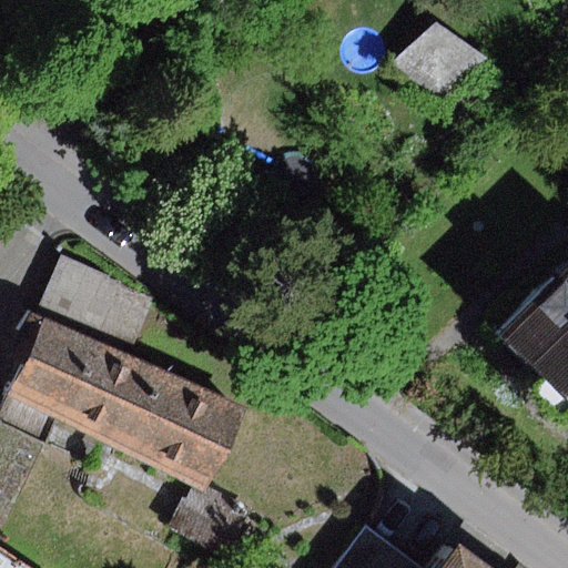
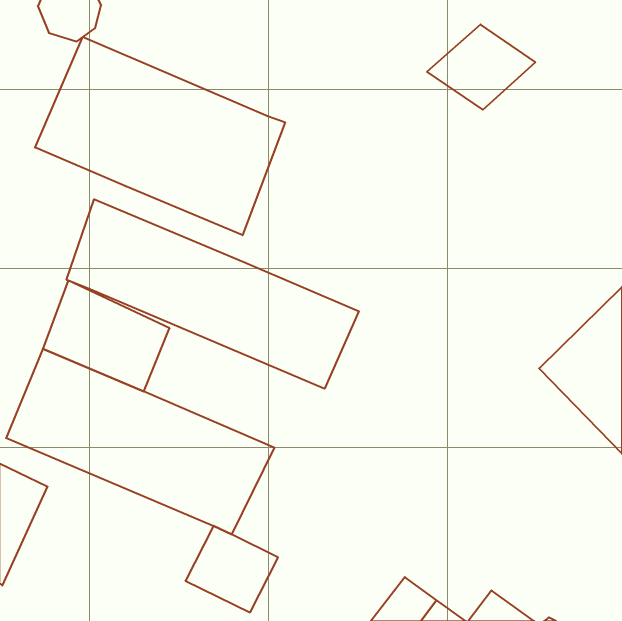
building: none -> [35,37,285,235]
building: none -> [67,199,359,389]

